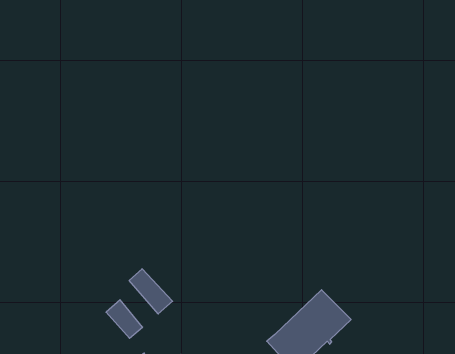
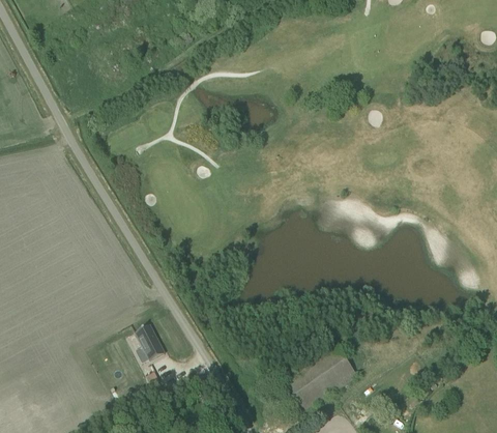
building: [129,269,173,314] -> none

